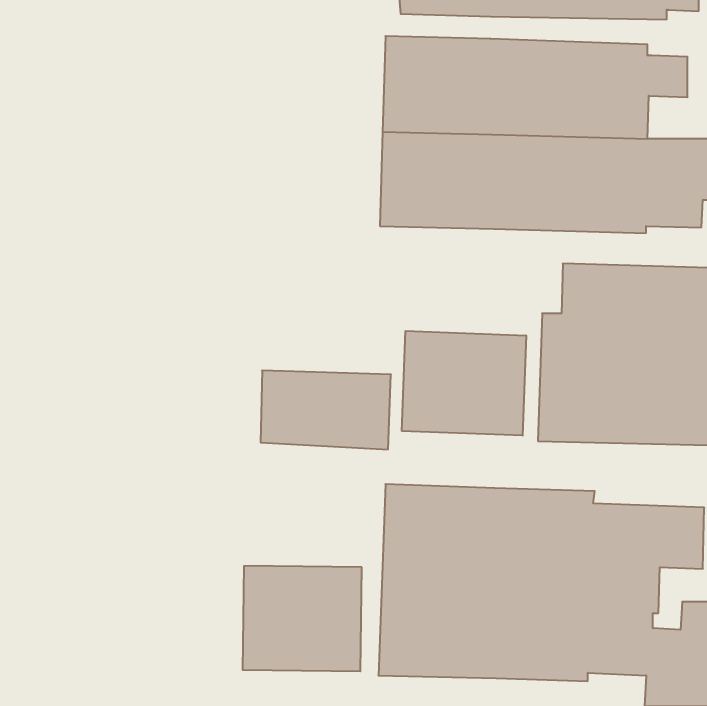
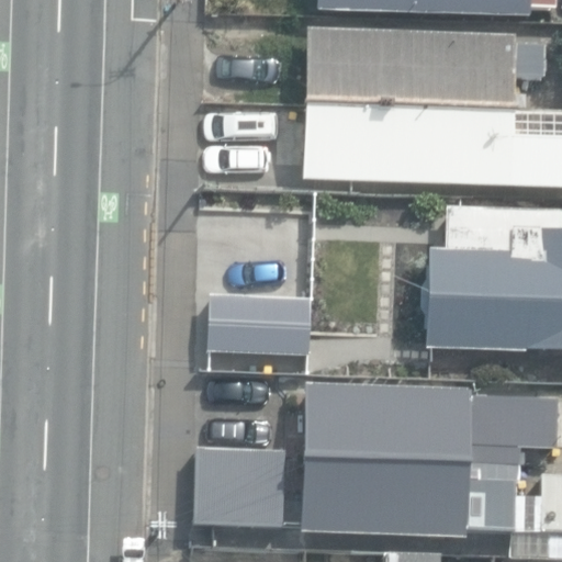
building: [402,331,526,436] -> none

